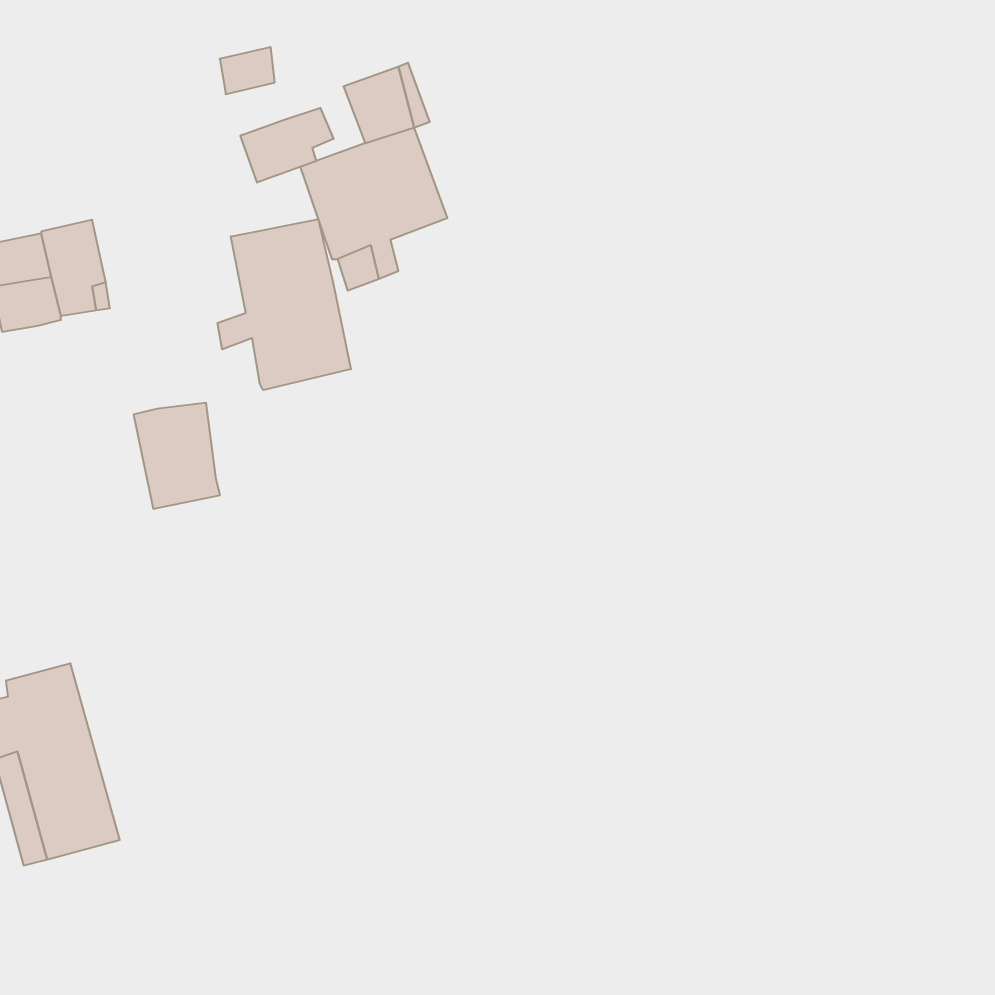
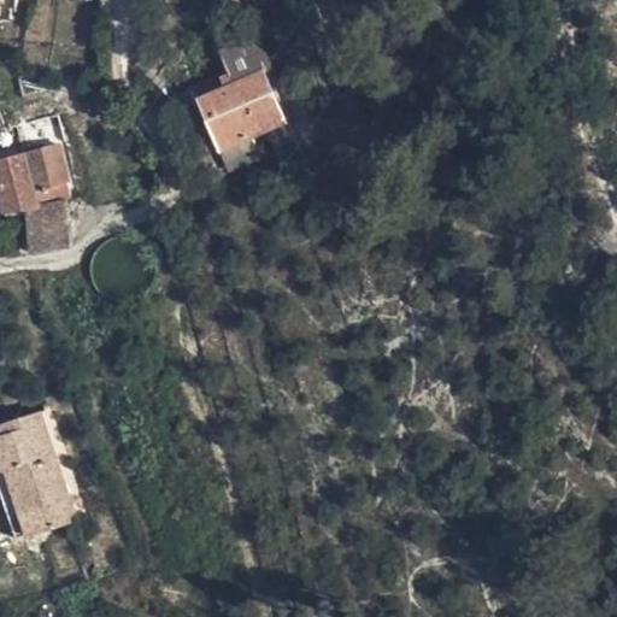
building: [240,108,334,183] -> none
building: [217,219,351,390] -> none
building: [134,403,220,509] -> [23,193,76,258]

